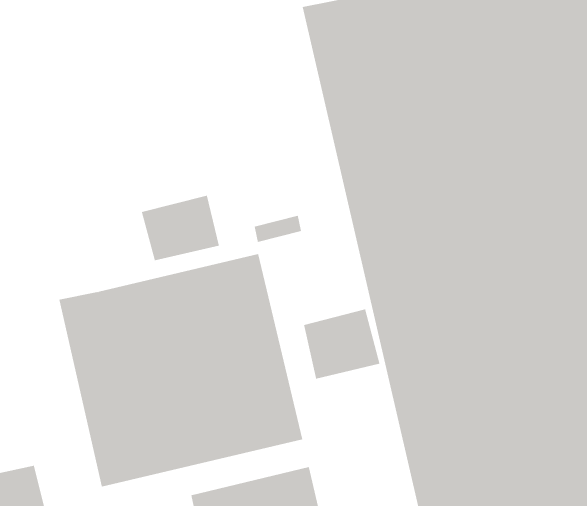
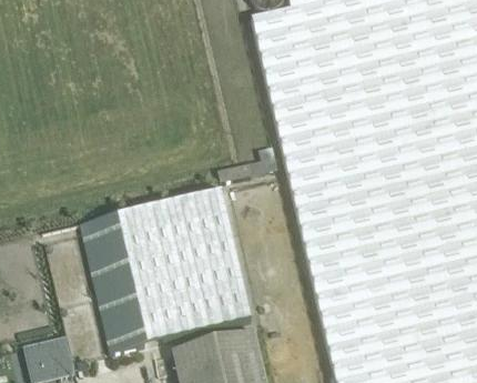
building: [141,195,219,261] -> none
building: [303,309,380,379] -> none

